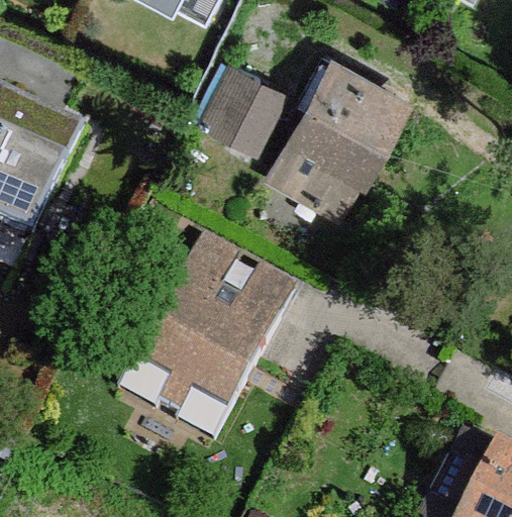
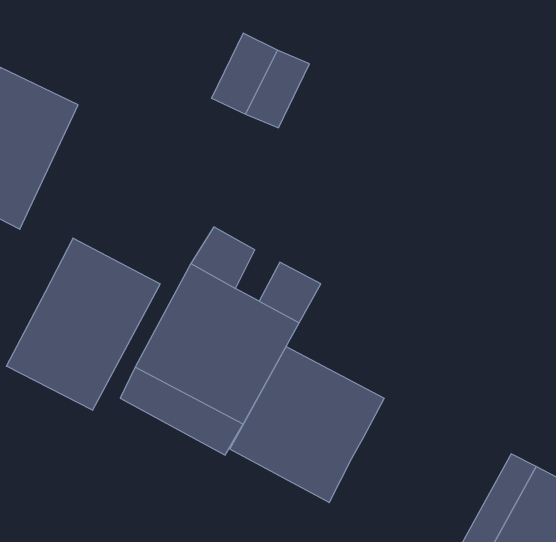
building: [276,63,393,204] -> none
building: none -> [6,238,160,410]
building: none -> [230,347,384,503]

